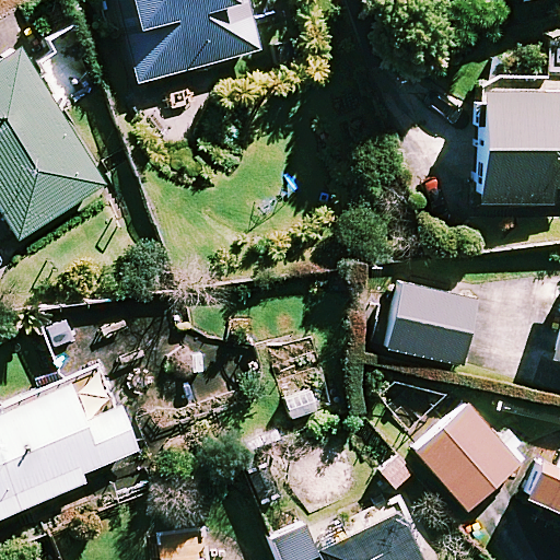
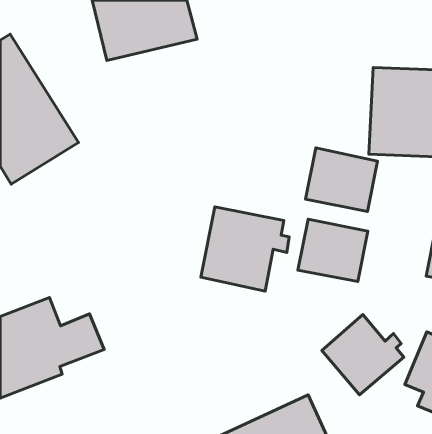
building: none -> [305,148,377,212]
building: none -> [201,207,289,291]

